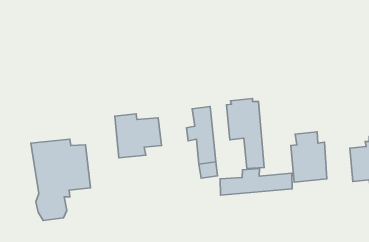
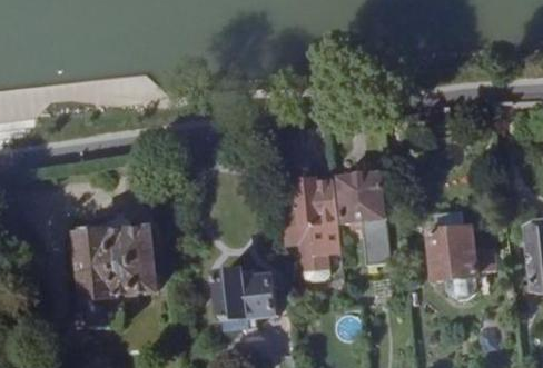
building: [115,114,161,158] -> [215,270,278,330]
building: [220,169,292,195] -> none

